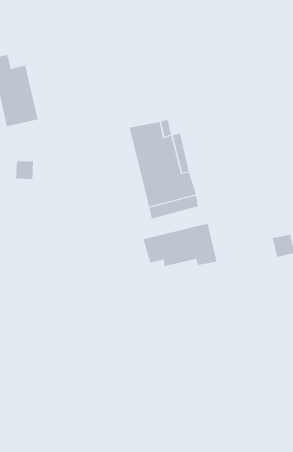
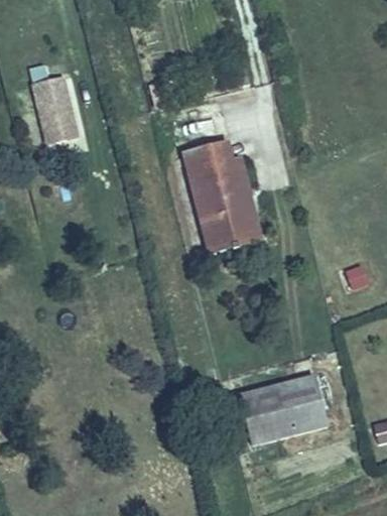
building: [143,223,217,267] -> none
building: none -> [240,375,324,443]

